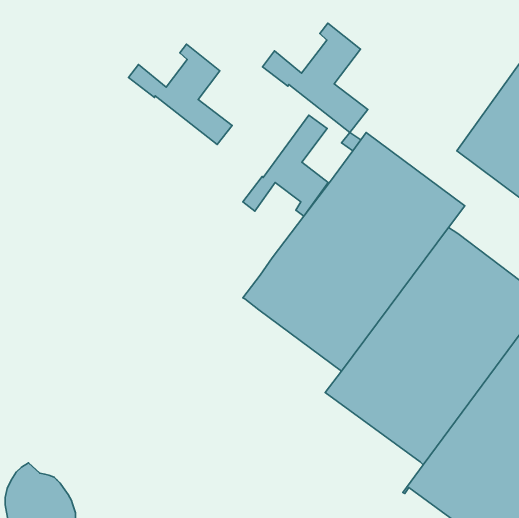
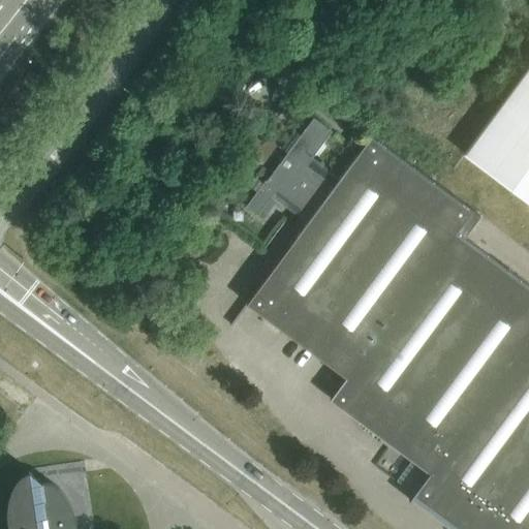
building: [262,23,368,133] -> none
building: [128,44,232,145] -> none

